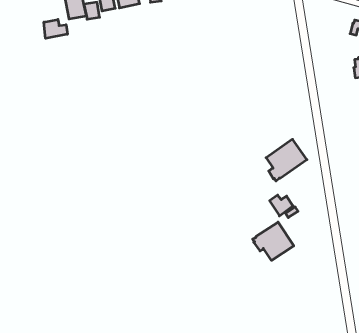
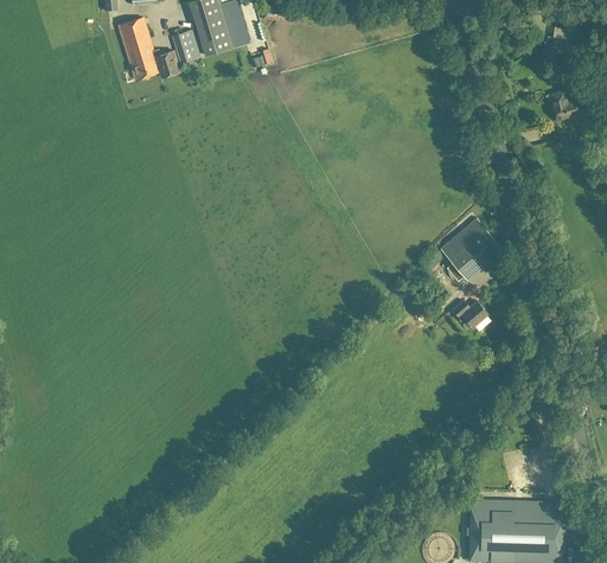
building: [44,19,67,38] -> none
building: [253,222,294,260] -> none

